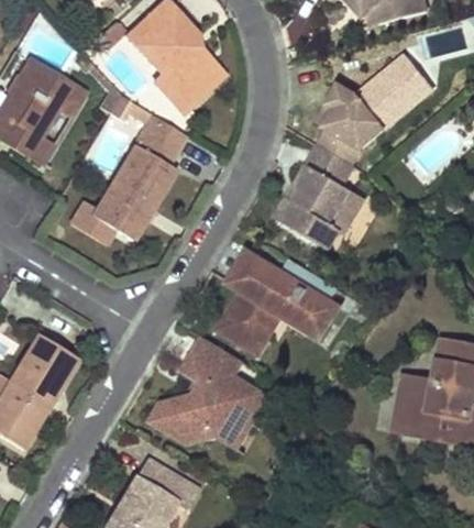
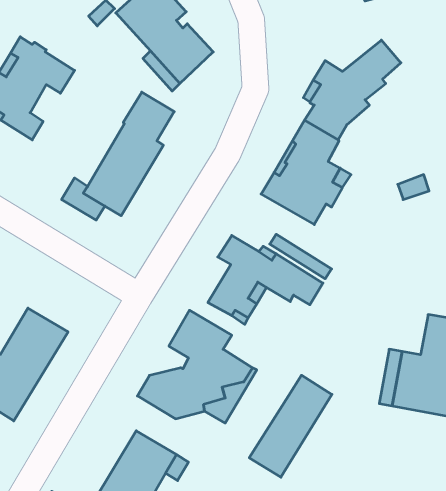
building: [379,54,432,128] -> none
building: none -> [249,375,332,477]

